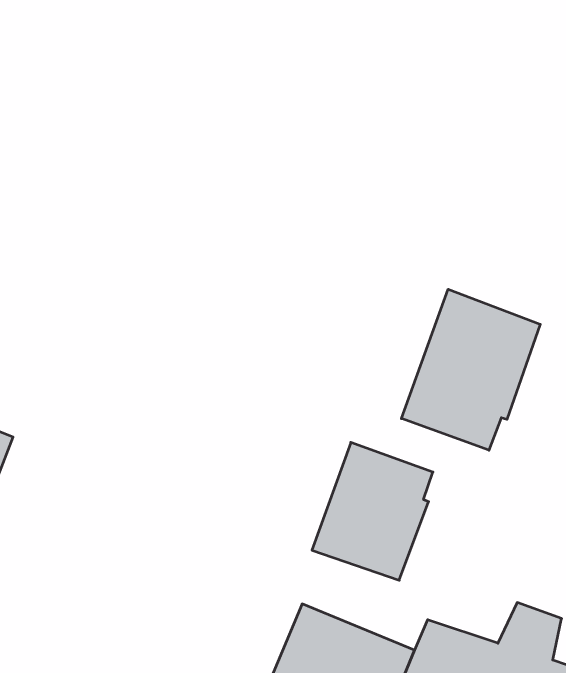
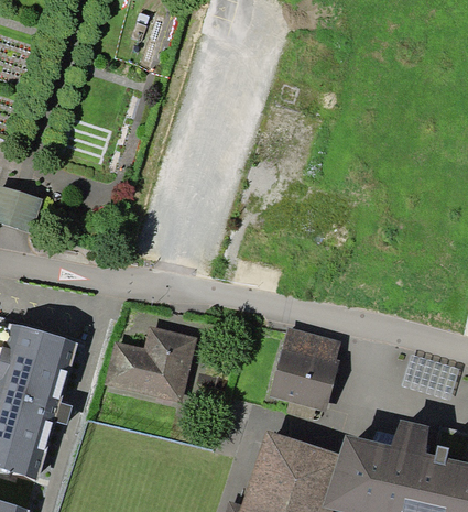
building: [401,289,540,450] -> none
building: none -> [105,327,197,403]

